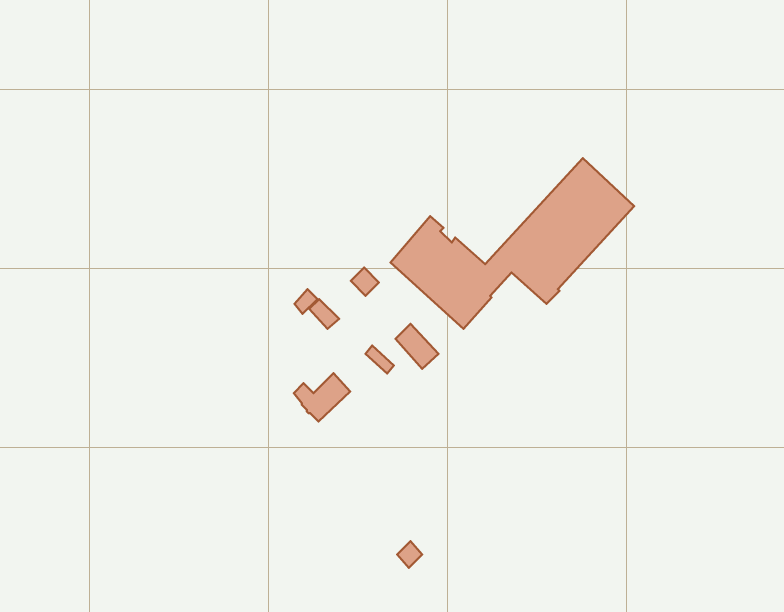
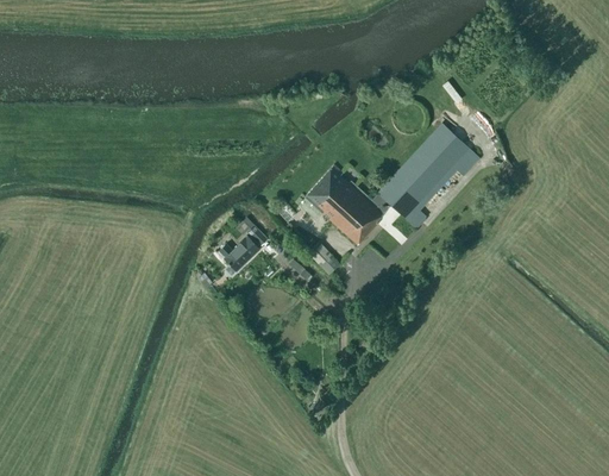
building: [294,373,350,421] -> [216,236,257,270]

